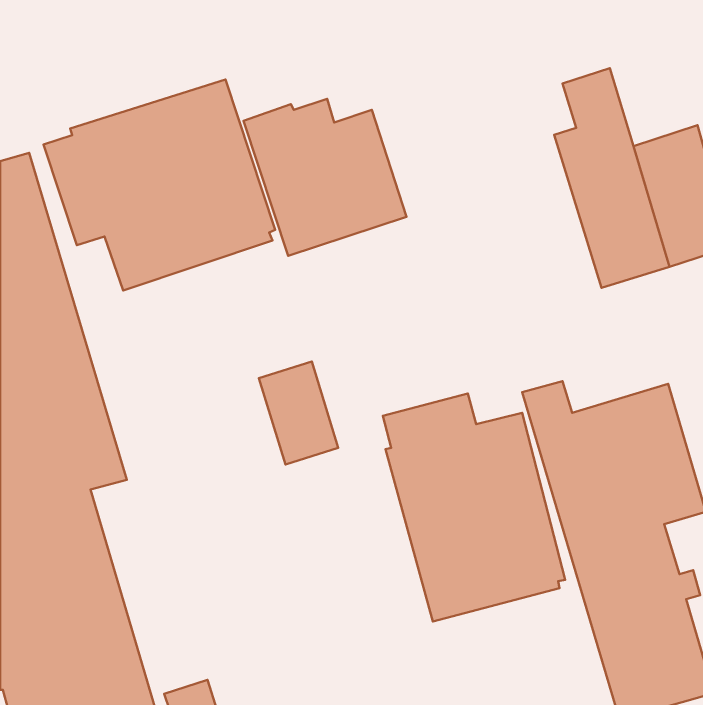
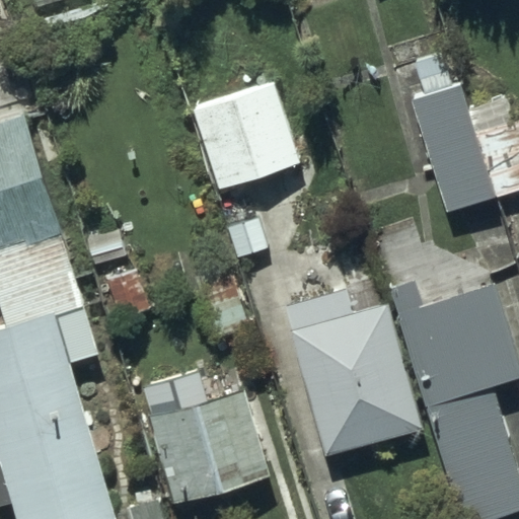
building: [44,79,275,291] -> none
building: none -> [144,368,269,505]

